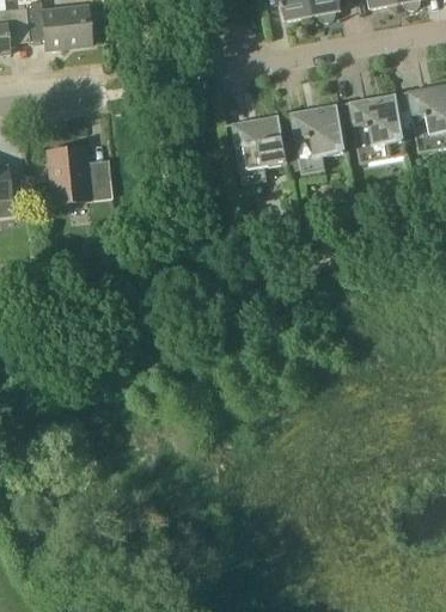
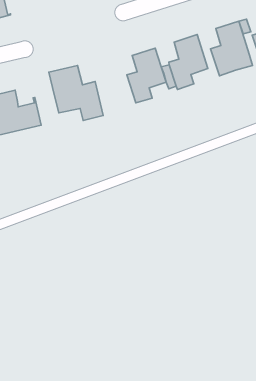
building: none -> [49,65,103,121]

